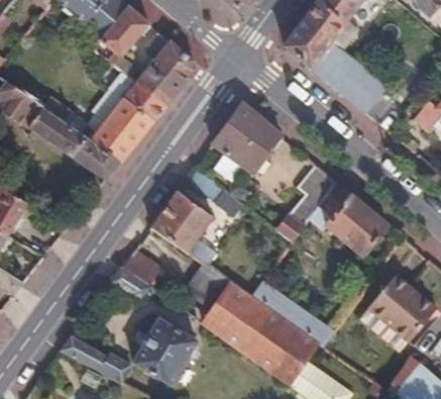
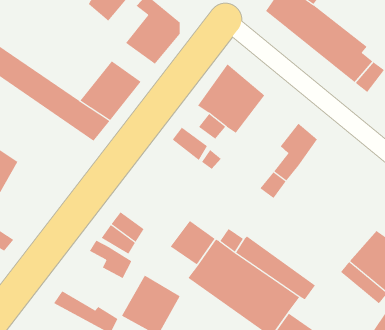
building: [110,70,169,120] -> none
building: [318,180,389,255] -> none
building: [151,192,212,252] -> none
building: none -> [89,240,132,279]

